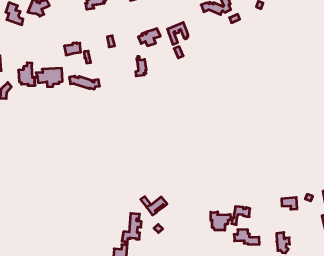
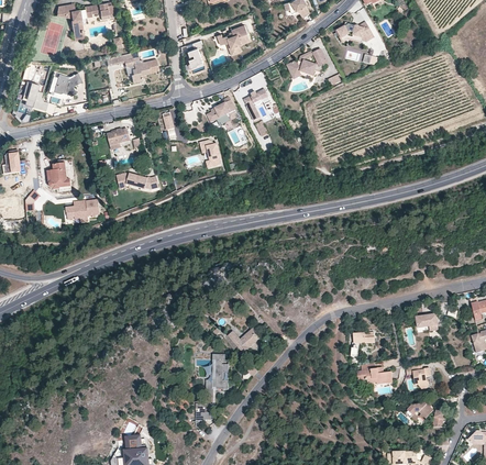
building: [36,68,62,87] -> [64,197,100,223]
building: [211,212,231,230] -> none

